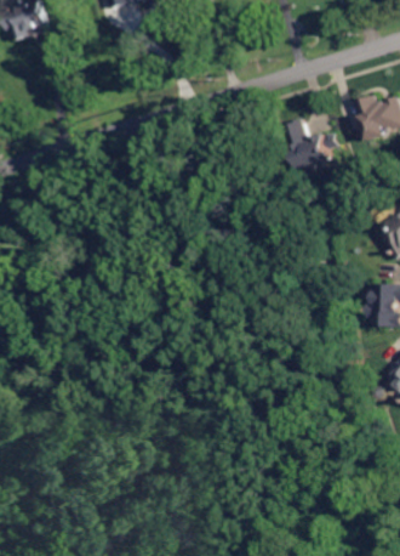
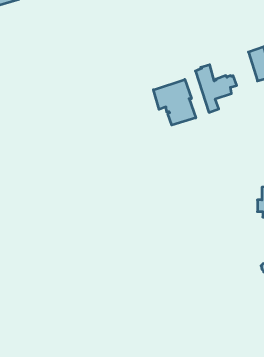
building: none -> [153,79,196,125]

